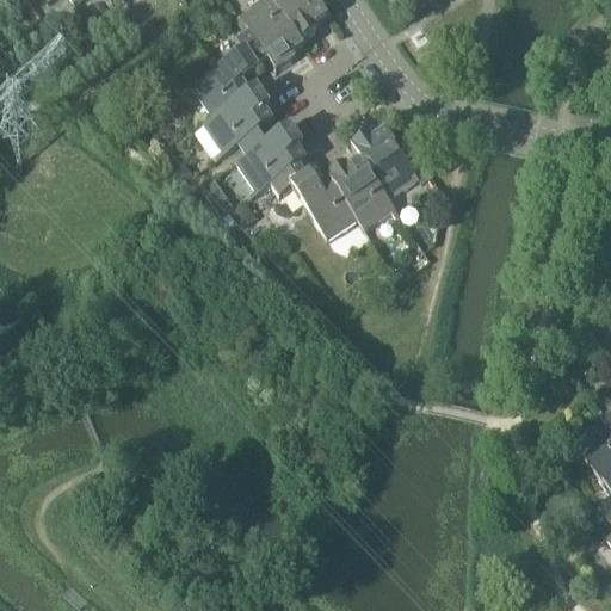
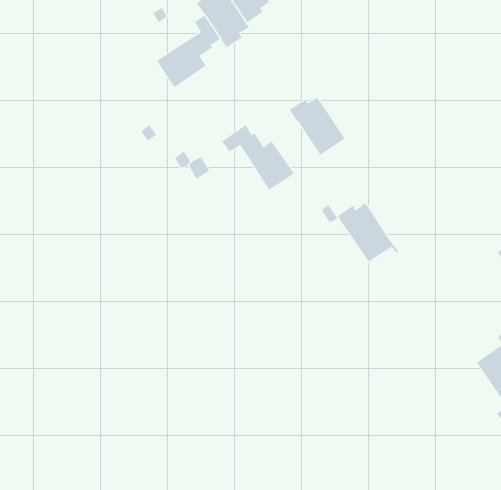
building: [204,84,276,158] -> none
building: [237,123,308,197] -> none
building: [328,156,402,228] -> [337,203,399,263]

